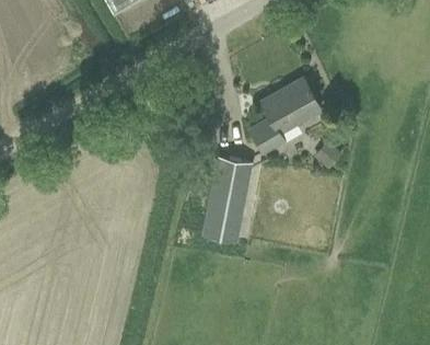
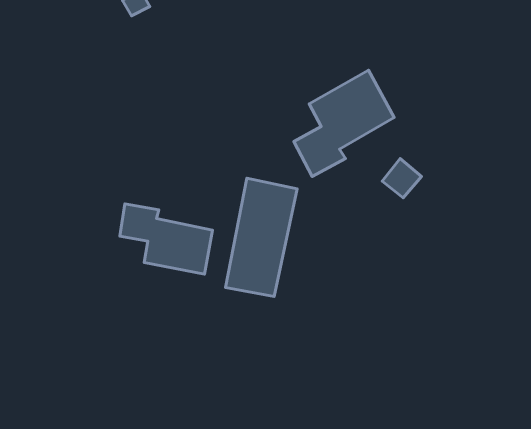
building: none -> [120,204,212,274]

